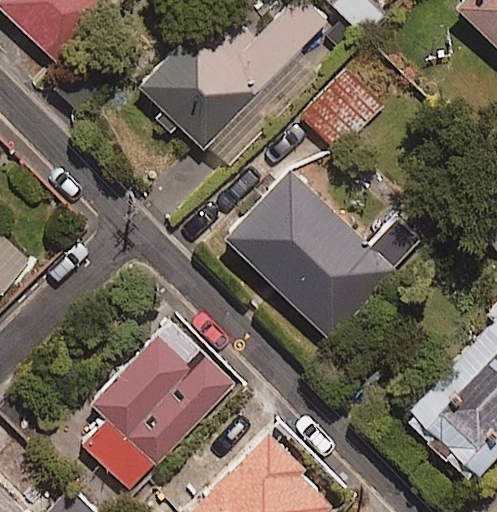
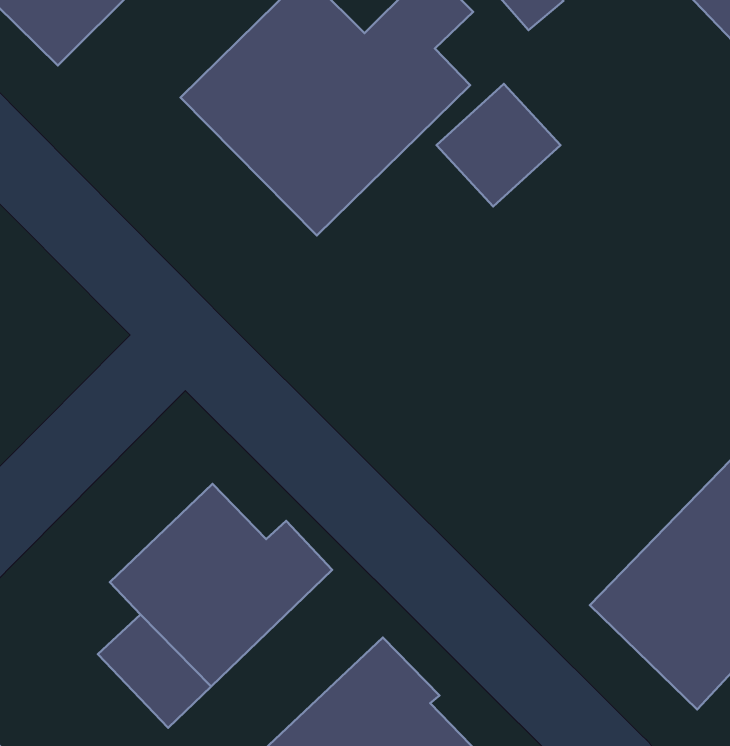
building: [222,167,433,339] -> none

